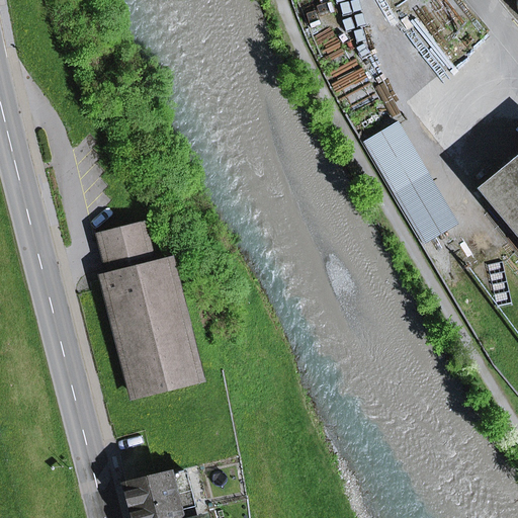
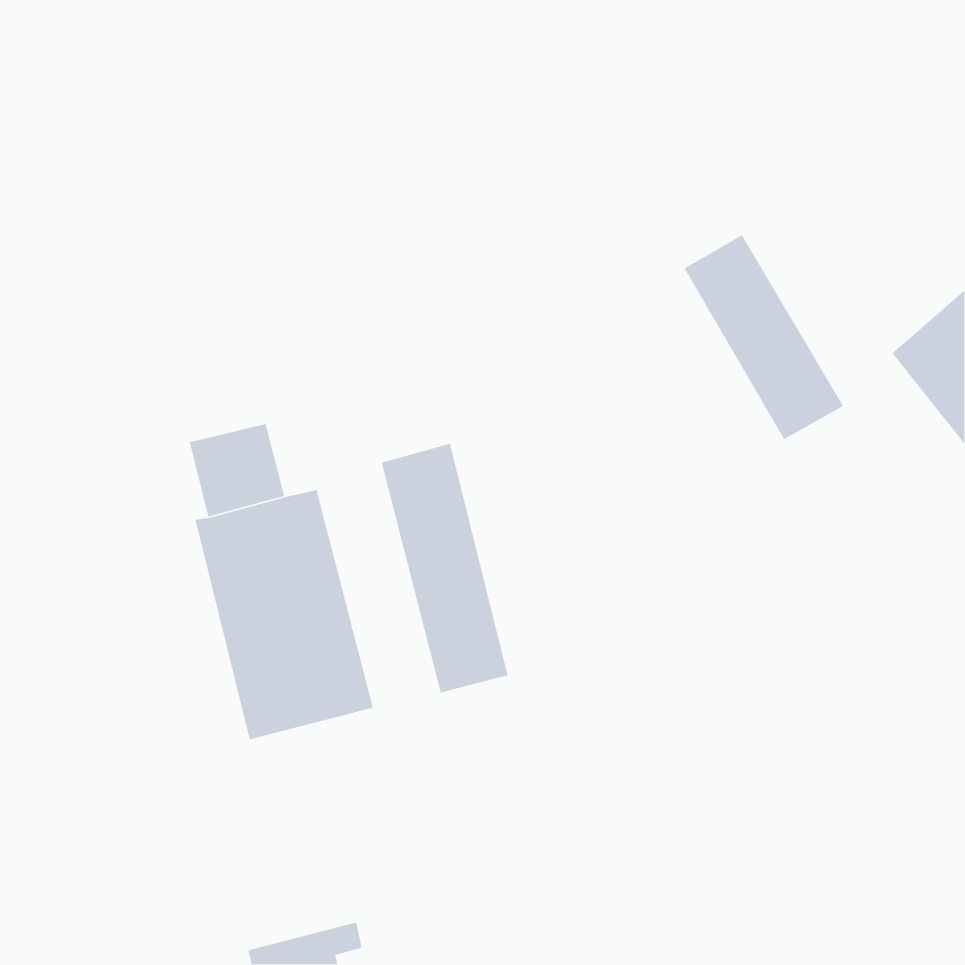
building: none -> [381,443,509,694]
building: [126,470,191,509] -> none

